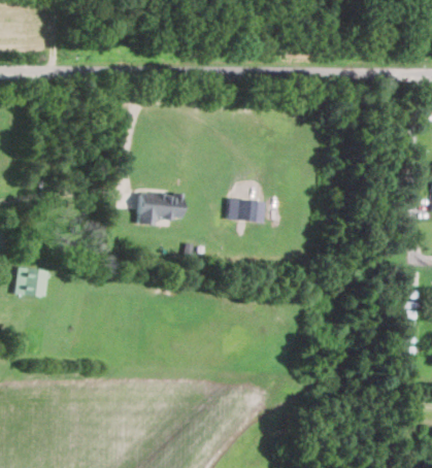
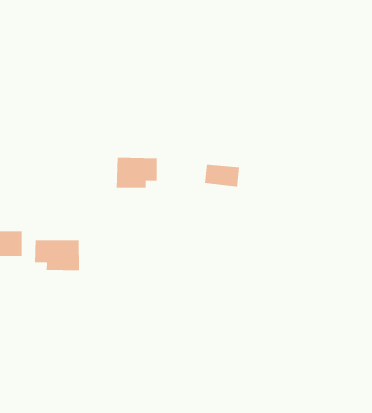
building: none -> [34,240,80,271]

